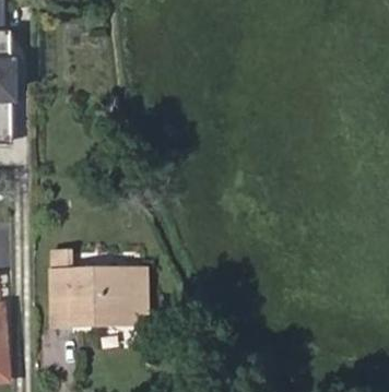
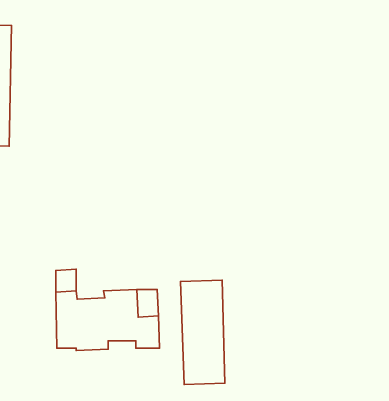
building: none -> [181,280,225,384]

